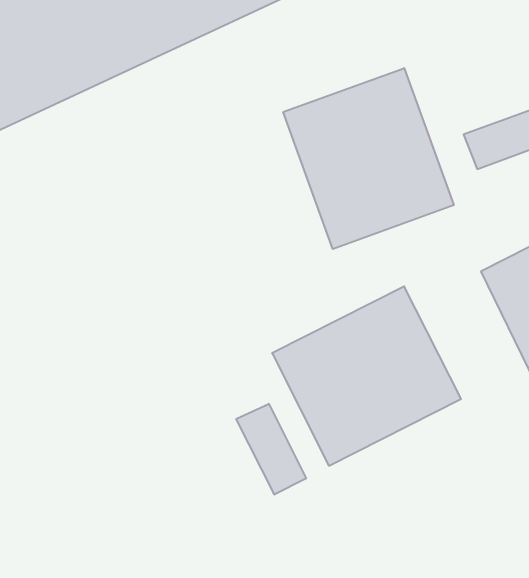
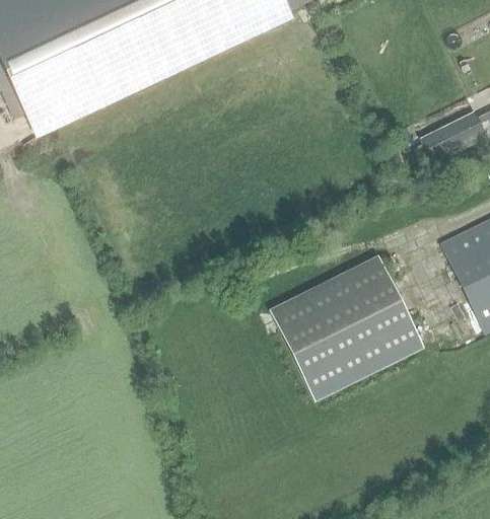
building: [283,68,454,249] -> none
building: [236,404,306,495] -> none

